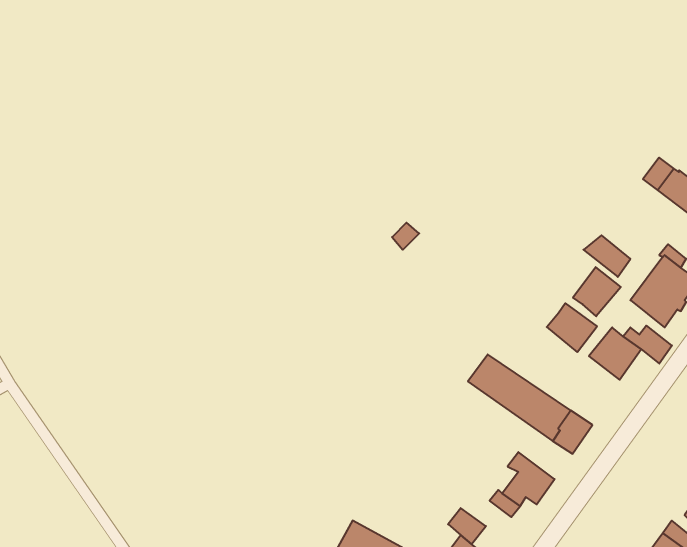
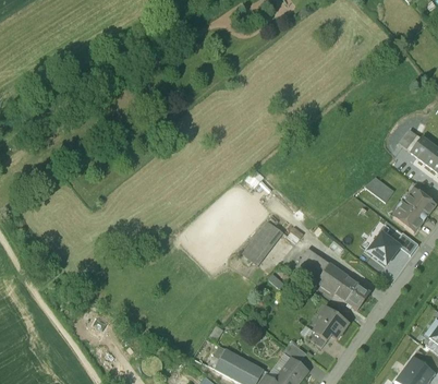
building: [573,267,621,316] -> none
building: [547,303,597,352] -> none
building: none -> [242,221,282,265]

